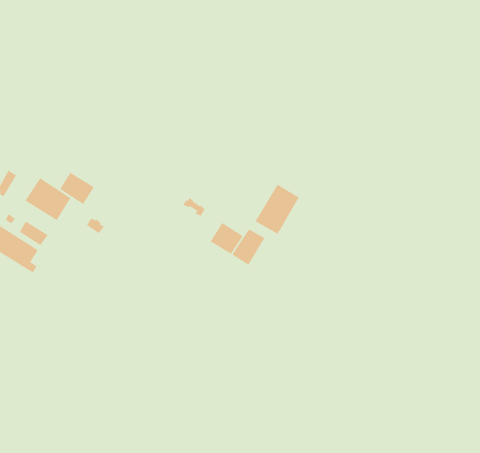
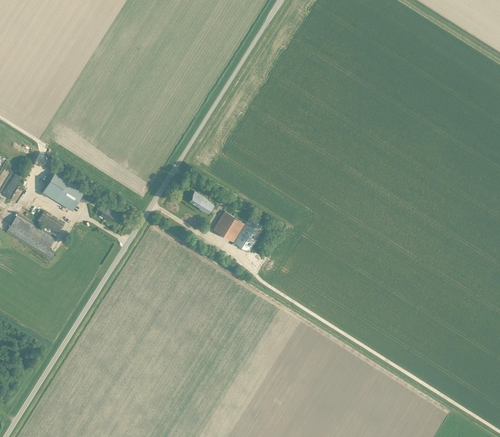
building: [60,172,95,205] -> none
building: [255,184,300,235] -> none

